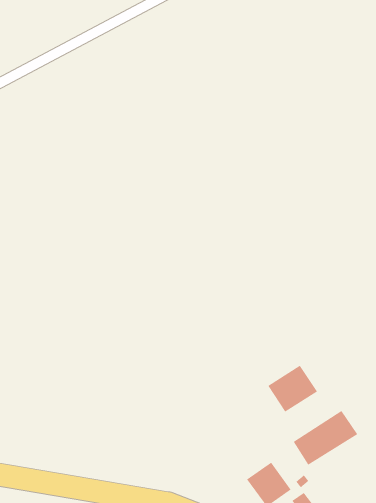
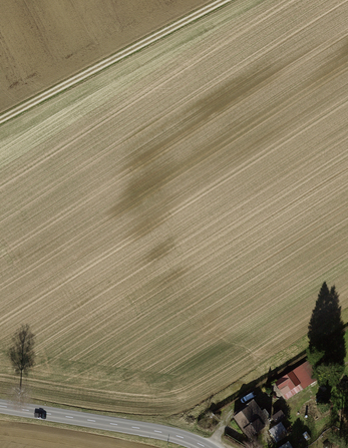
building: [267,365,318,412] -> none

